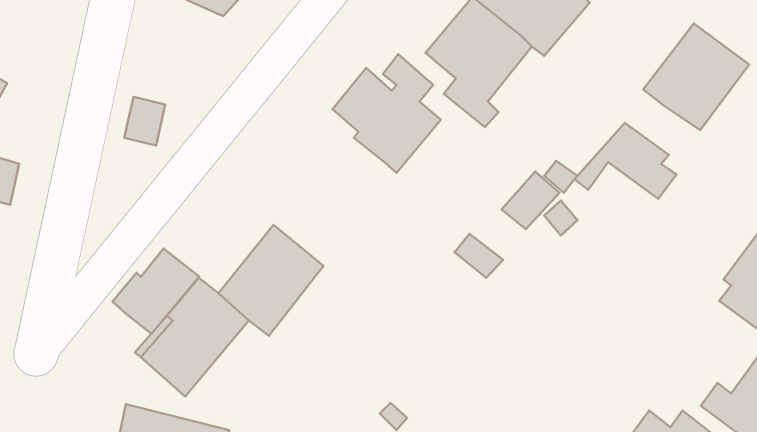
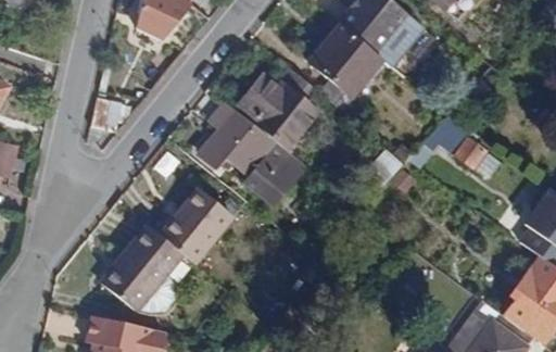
building: [643,24,749,130] -> none
building: none -> [199,103,306,206]
building: [112,248,199,334] -> none

